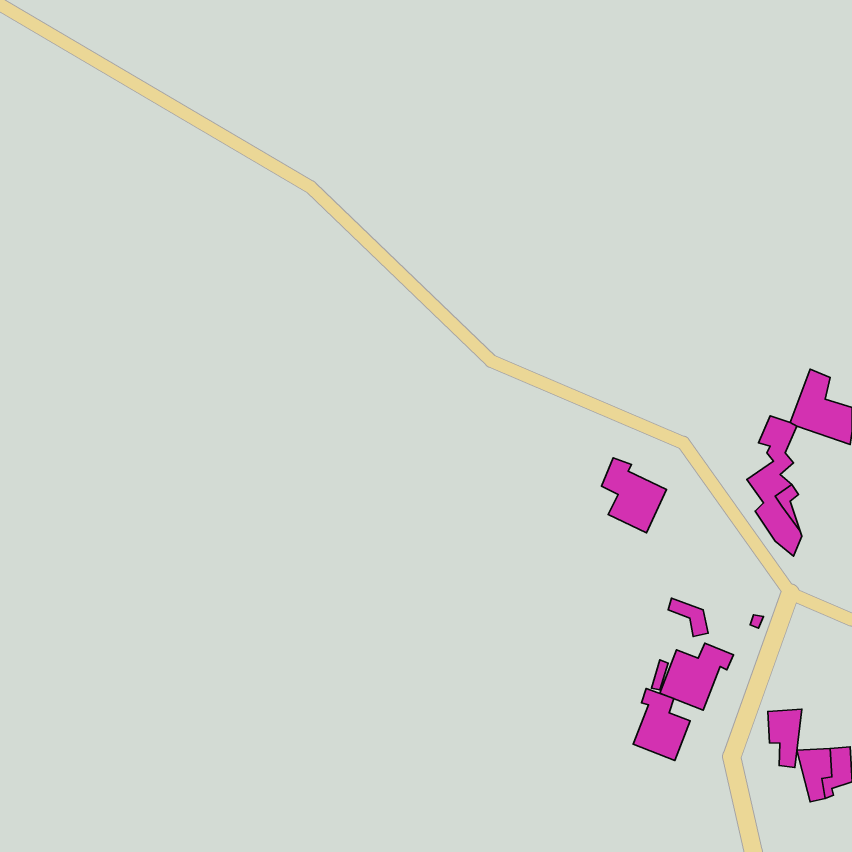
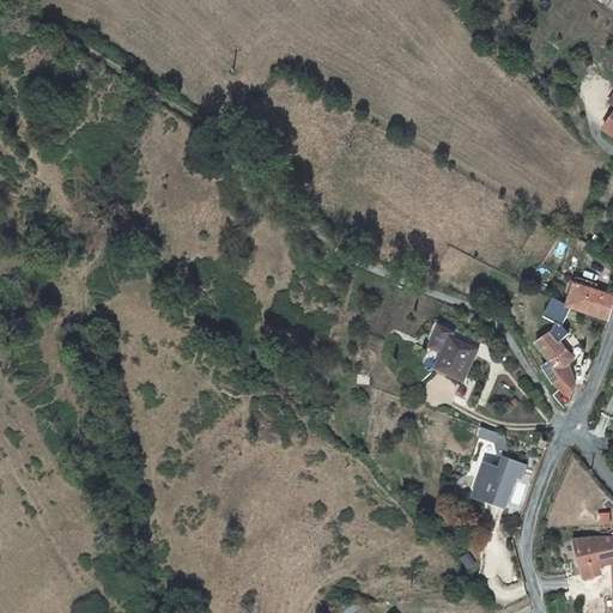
building: [633,689,690,760] -> none
building: [768,709,802,767] -> none

